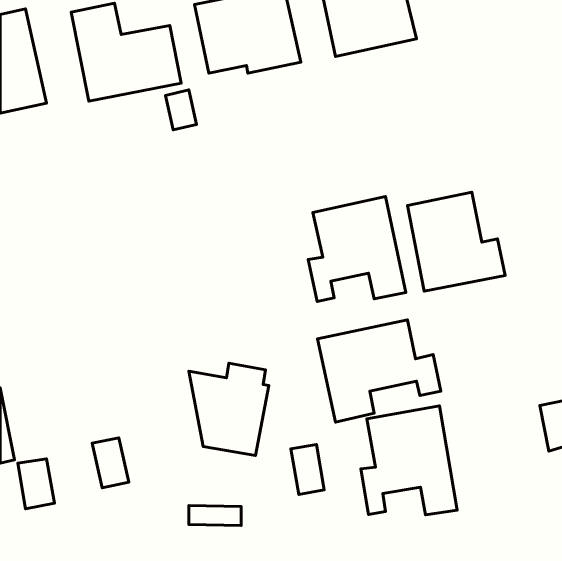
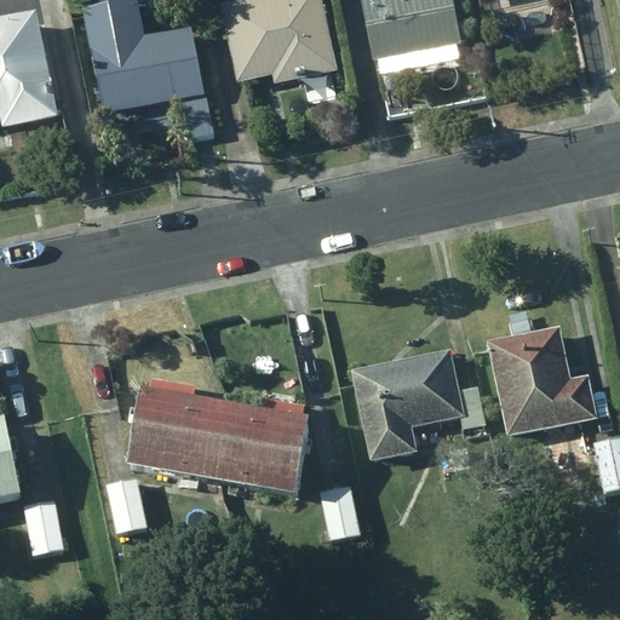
building: [408,192,505,291] -> [489,327,596,435]
building: [308,197,406,302] -> none
building: none -> [124,378,228,487]
building: [361,406,457,515] -> none

